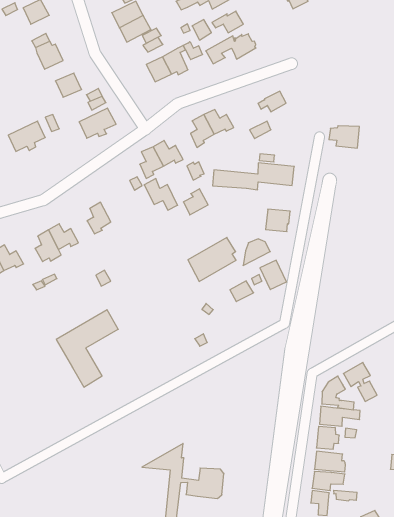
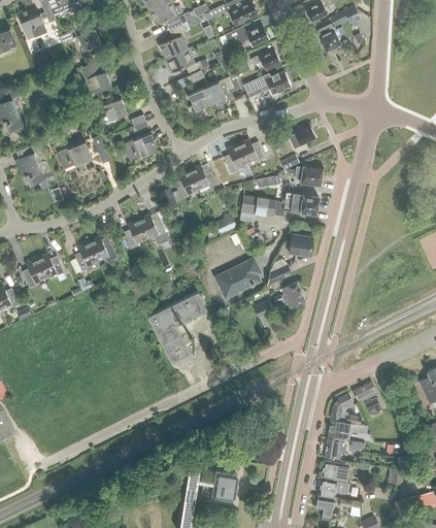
building: [329,126,359,148] -> [294,165,323,187]
building: [144,179,178,210] -> [138,214,168,244]
building: [56,310,118,387] -> [148,292,206,362]

